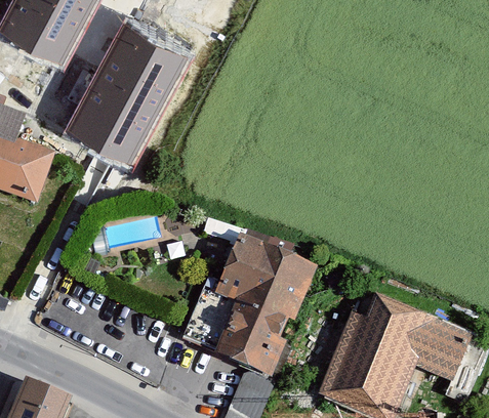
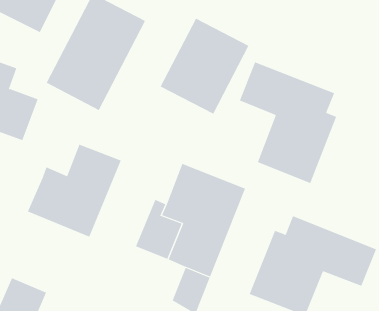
building: none -> [160,18,249,114]
building: none -> [239,61,337,184]
building: none -> [27,144,122,237]

